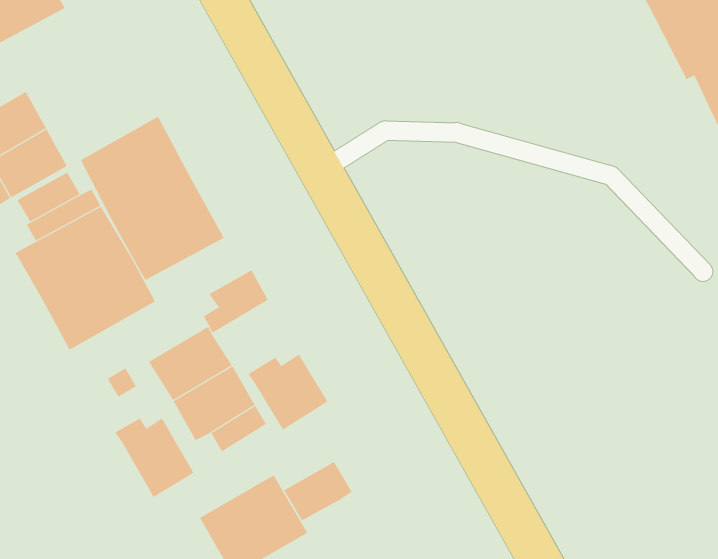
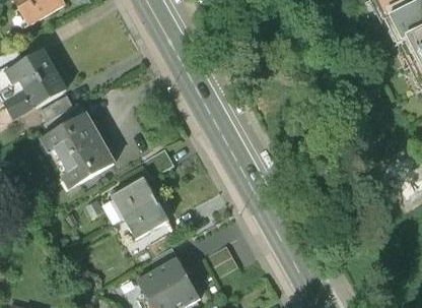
building: [80,116,225,281] -> none
building: [247,354,328,431] -> none
building: [115,417,194,498] -> none
building: [283,461,353,521] -> none

